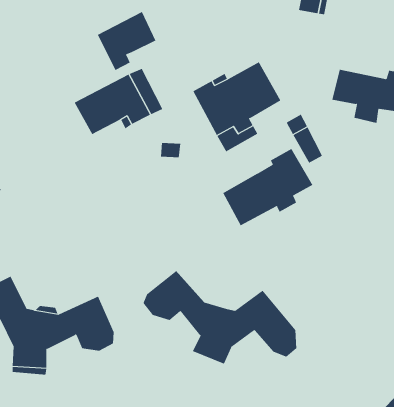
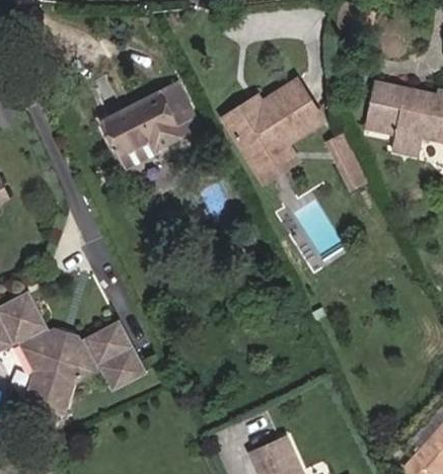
building: [97,11,156,71] -> none
building: [222,148,313,226] -> none
building: [143,270,297,365] -> none

